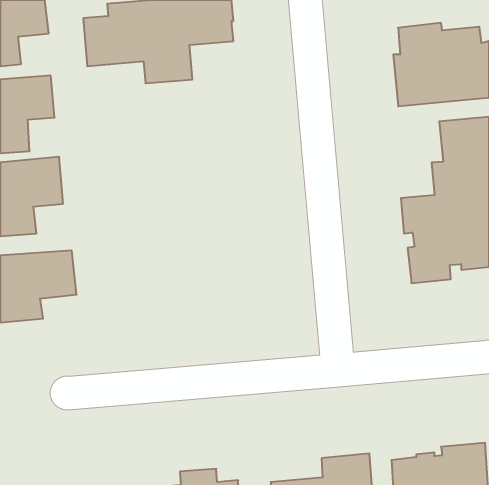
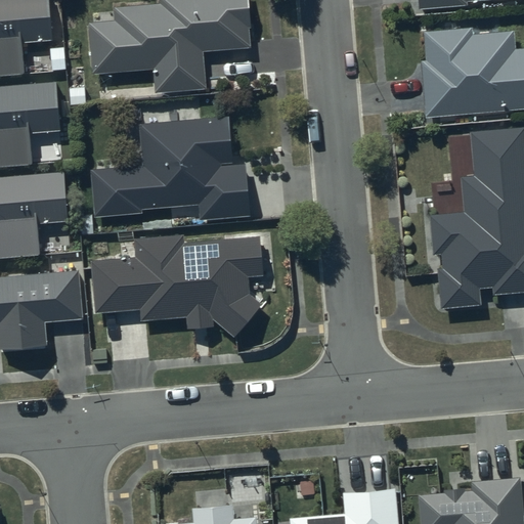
building: none -> [91,118,250,219]
building: none -> [91,236,262,337]

